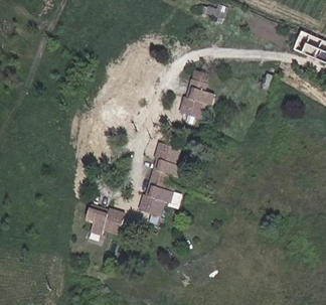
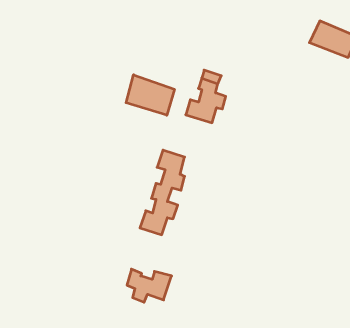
building: none -> [126,75,174,115]
building: [86,207,125,237] -> [127,269,172,302]

